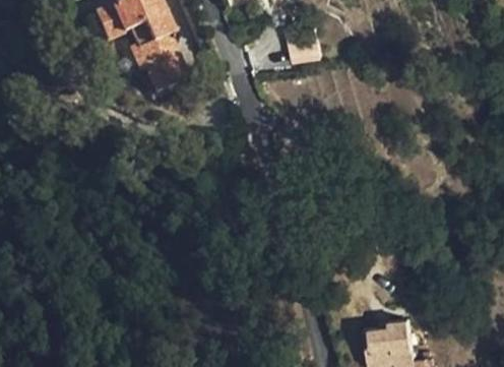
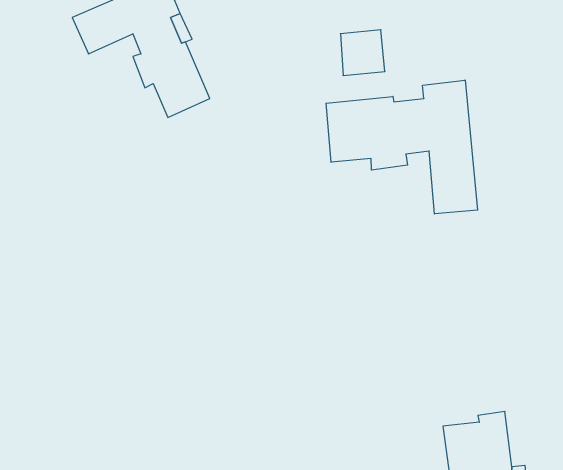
building: none -> [326,80,478,214]

